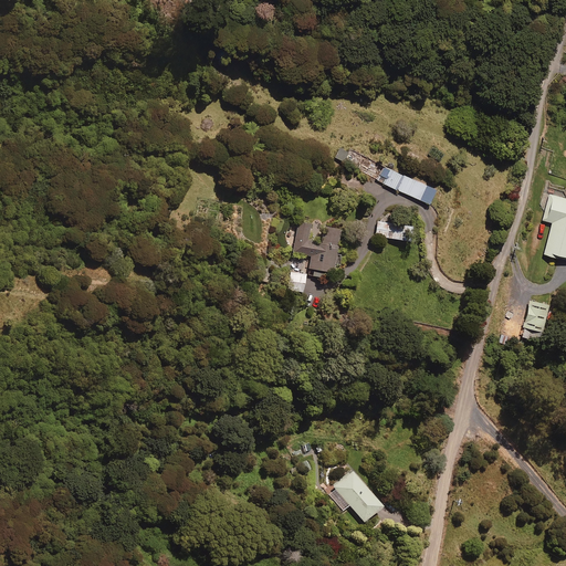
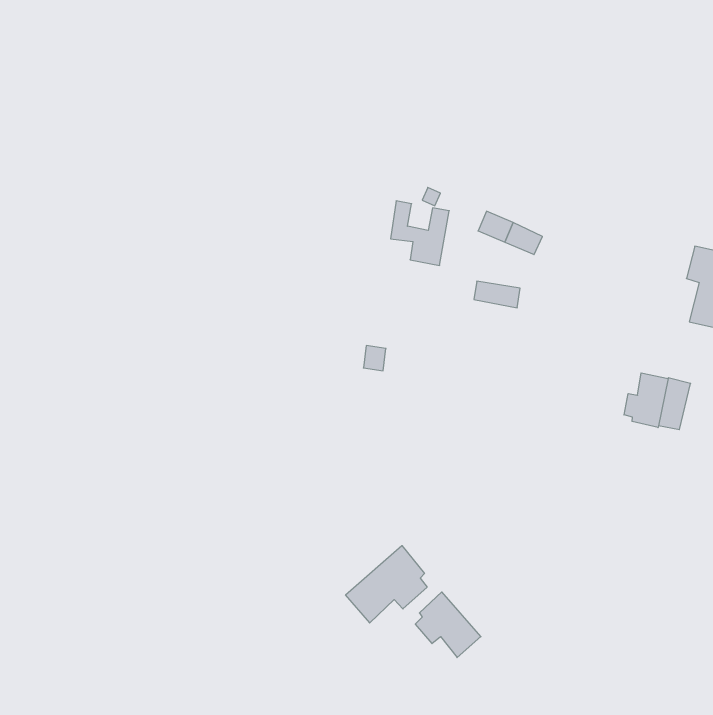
building: [295,221,342,272] -> [391,201,449,265]
building: none -> [624,373,668,428]
building: none -> [346,546,427,623]

